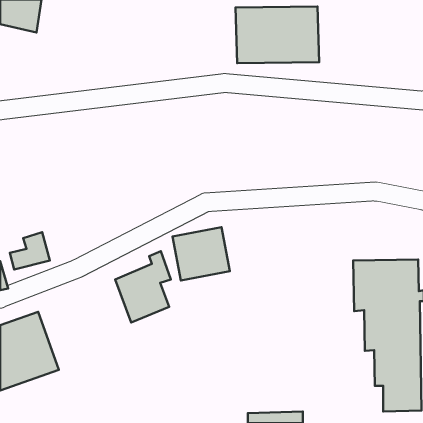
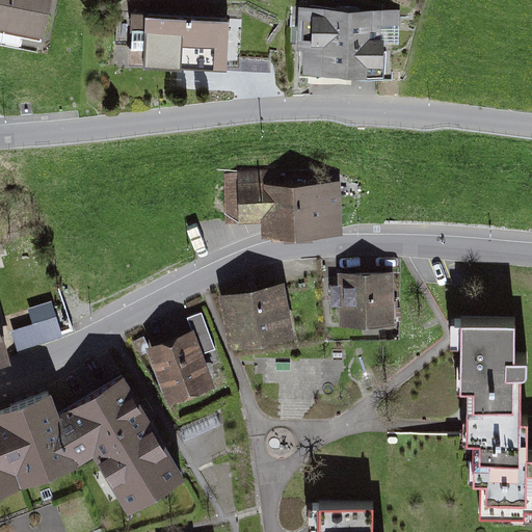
building: none -> [128,19,241,61]
building: none -> [235,179,344,242]
building: none -> [332,277,391,327]
building: none -> [59,371,183,512]

